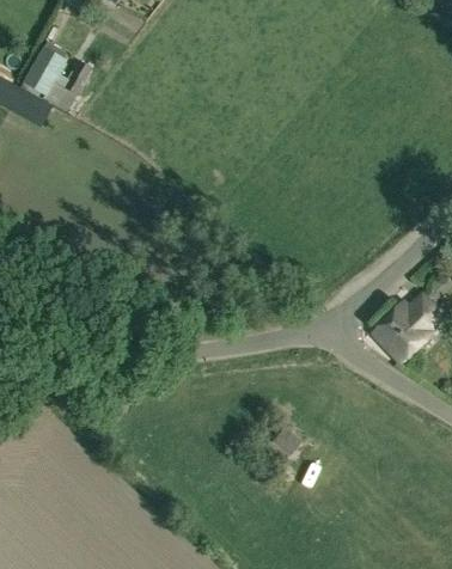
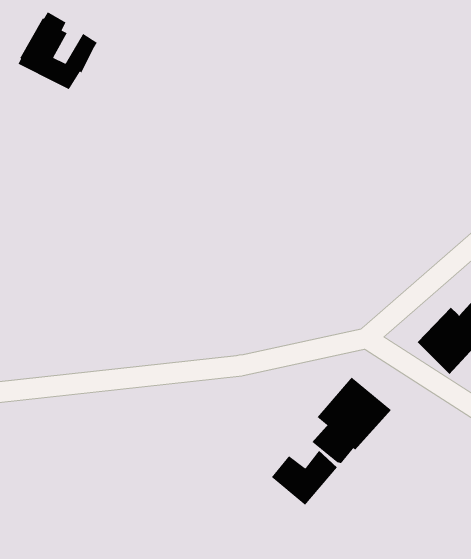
building: none -> [312,376,392,464]

